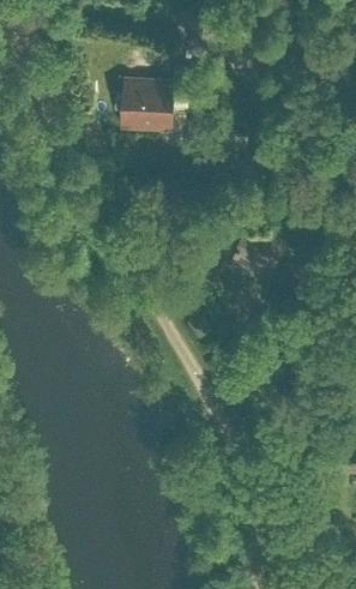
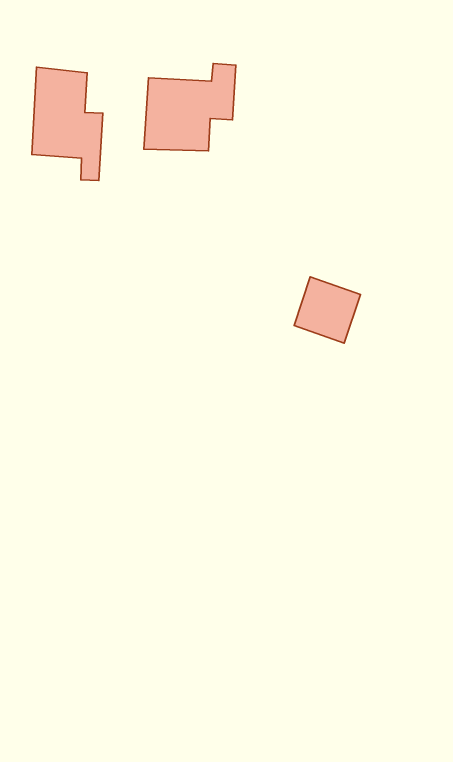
building: none -> [32,67,103,181]

